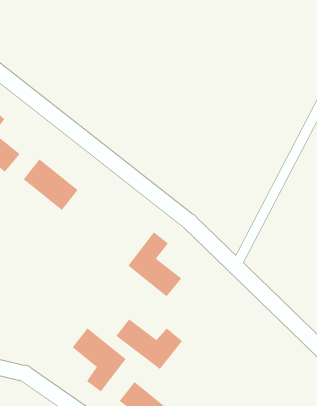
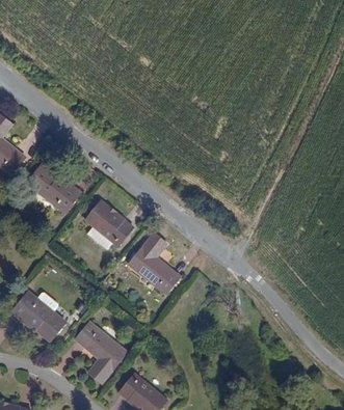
building: none -> [84,199,133,245]
building: none -> [12,292,64,340]
building: [115,319,183,370] -> none

